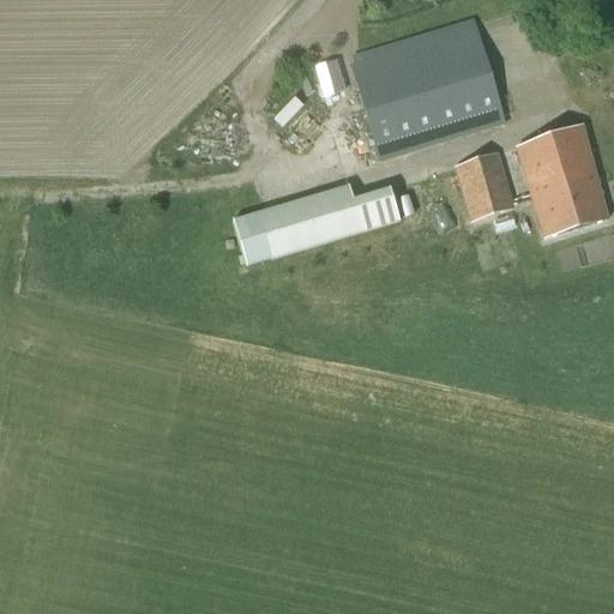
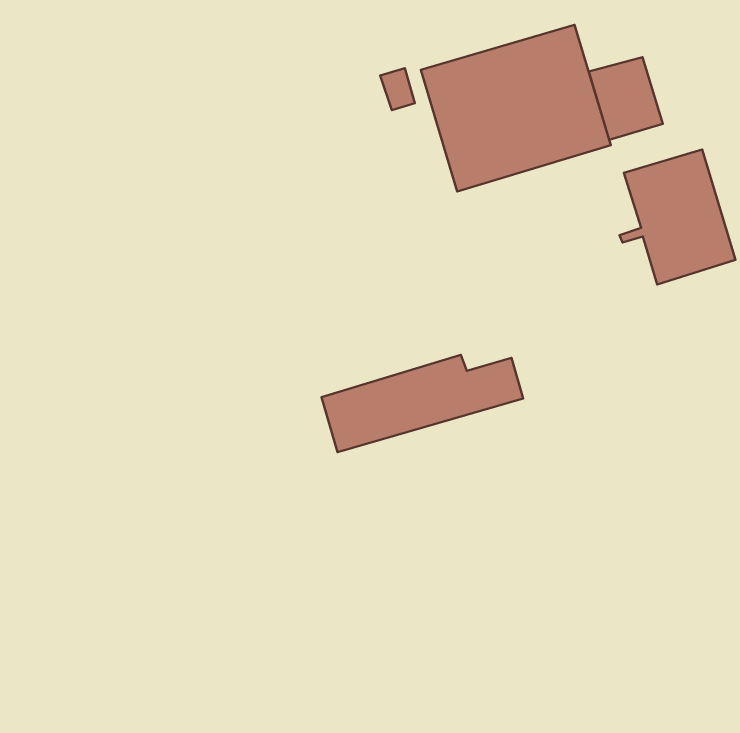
building: [453,149,514,217] -> [589,57,663,140]
building: [233,181,399,261] -> [322,355,523,452]

